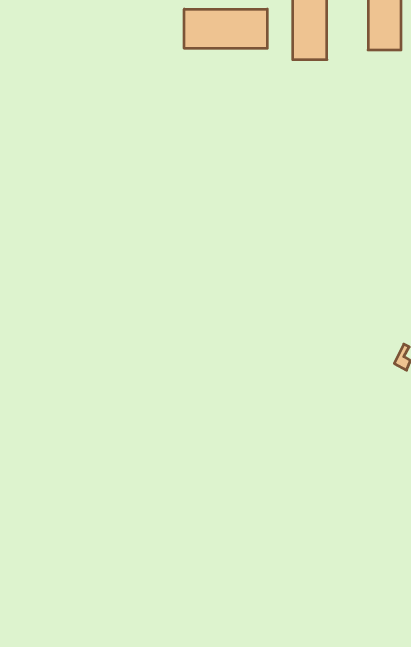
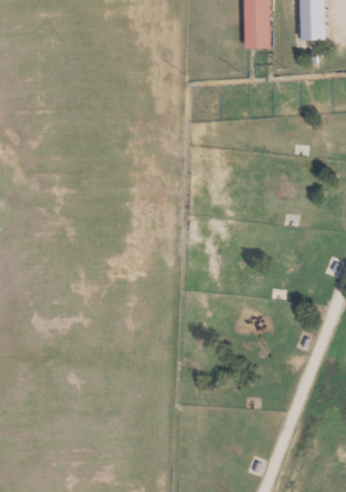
building: [184,9,267,48] -> none

